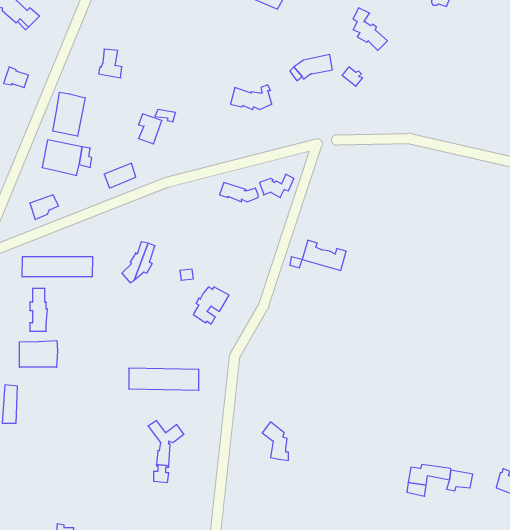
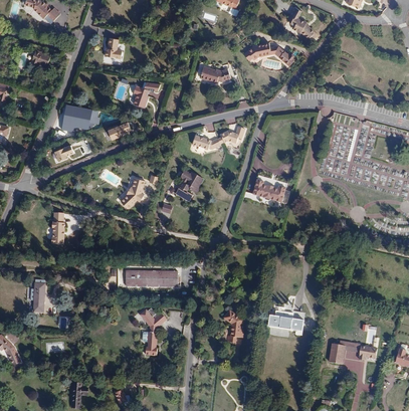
building: [53,92,85,136] -> none
building: [22,256,92,277] -> none
building: [193,287,229,324] -> [176,174,202,201]
building: [20,341,57,367] -> none
building: none -> [265,314,301,335]

